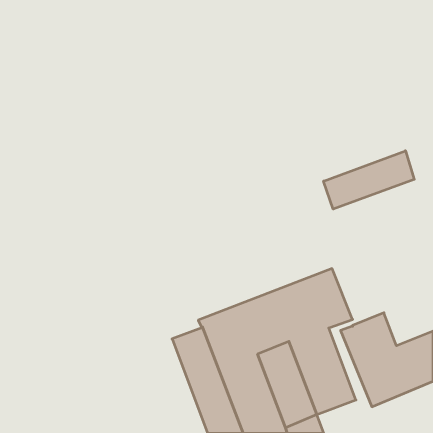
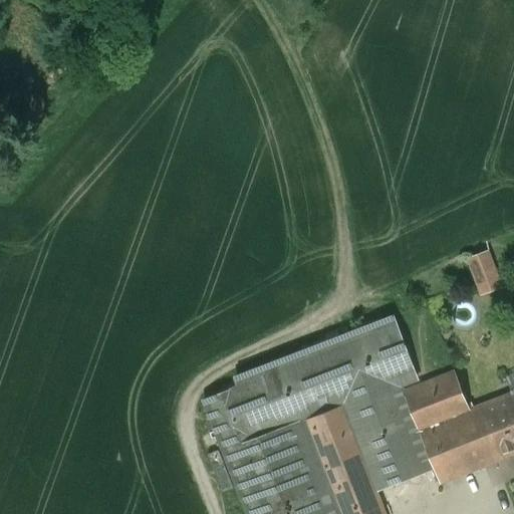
building: [324,151,414,209] -> none
building: none -> [470,253,498,289]

